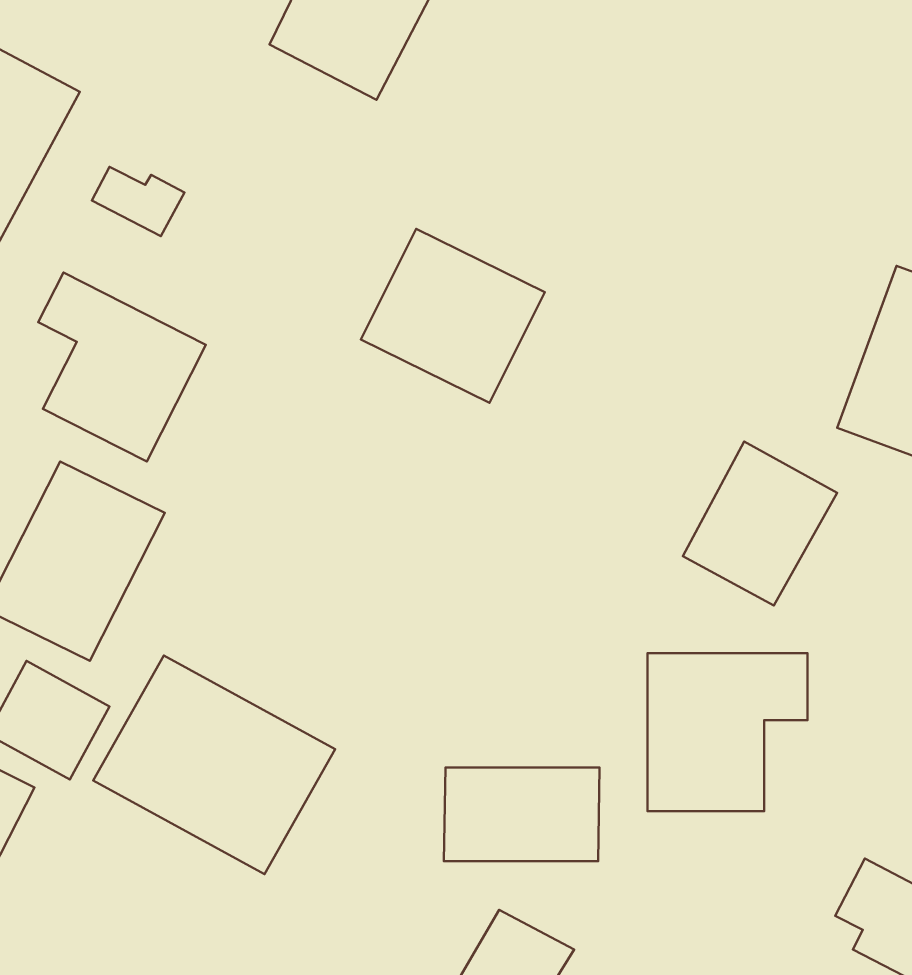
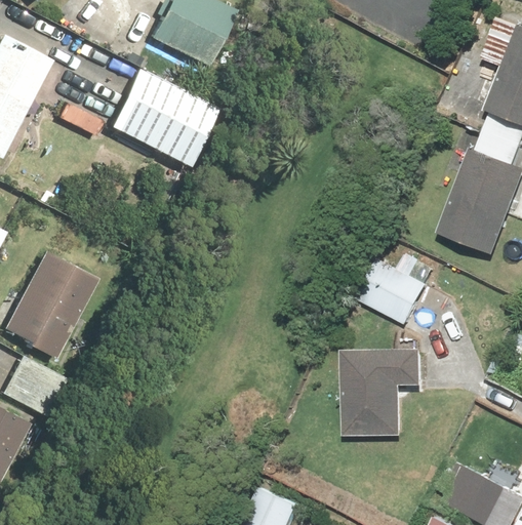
building: [361,229,545,403] -> [109,71,204,161]
building: [38,273,206,461] -> none
building: [93,655,335,874] -> none
building: [444,767,600,861] -> none

